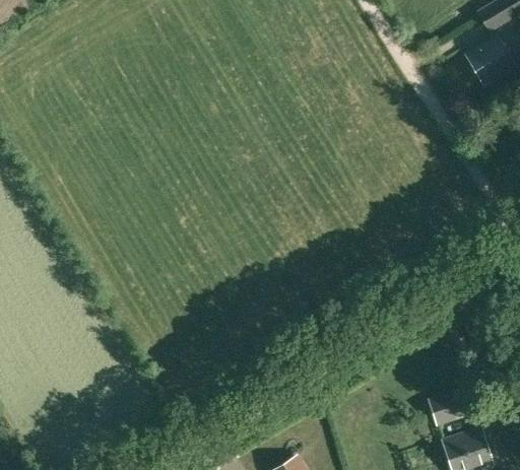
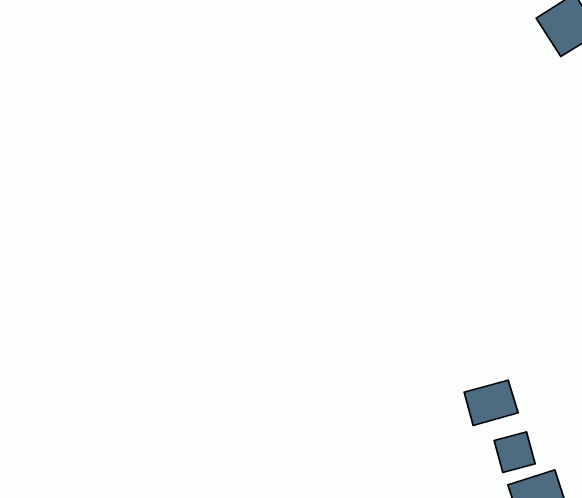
building: none -> [464,380,518,425]

